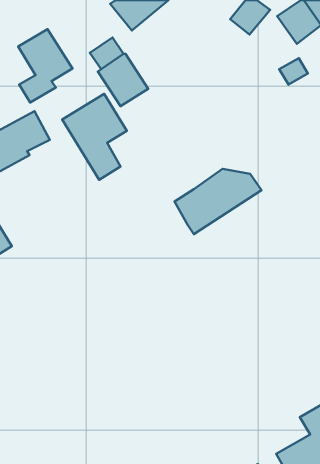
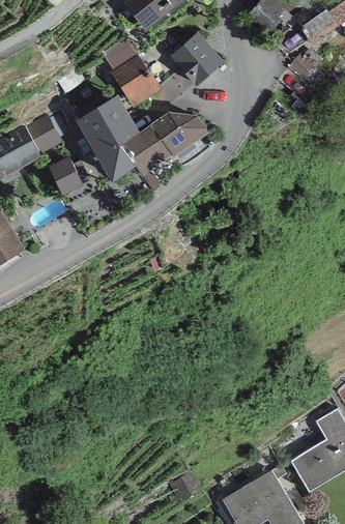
building: [18,29,72,103] -> none
building: none -> [170,32,224,86]
building: none -> [47,156,87,197]
building: [174,169,261,234] -> [120,112,208,178]

